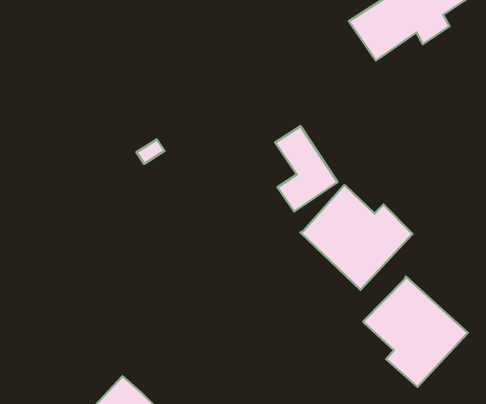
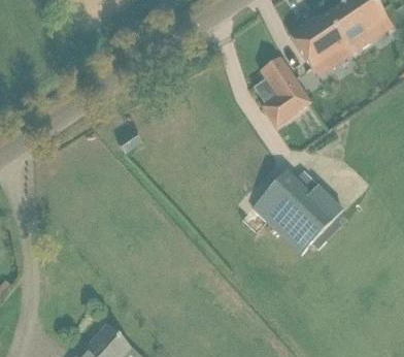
building: [275,126,337,211] -> [261,57,311,126]
building: [364,277,468,387] -> none

